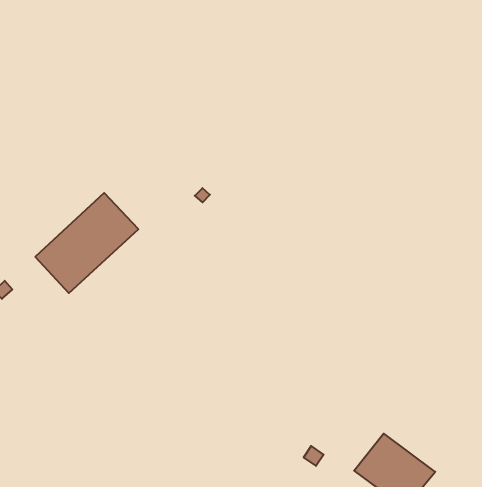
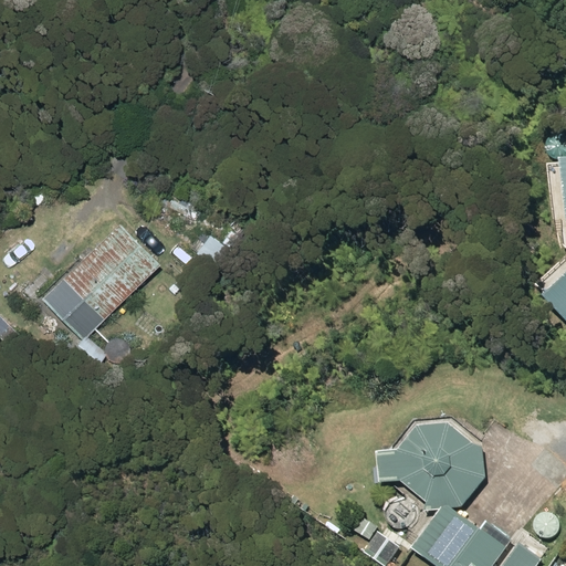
building: none -> [379,422,476,500]

